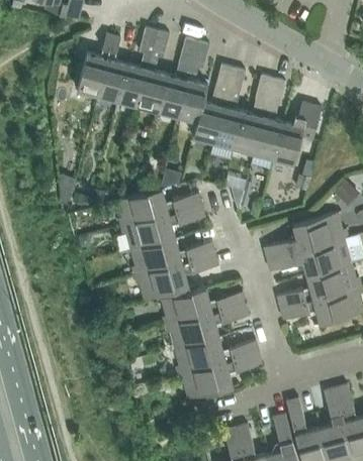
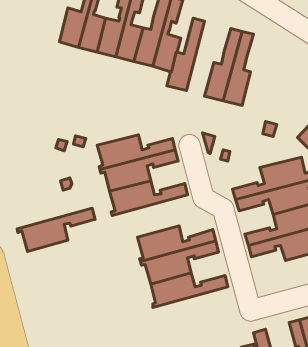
building: [213,68,245,148] -> none
building: [273,103,321,163] -> none
building: [133,254,217,301] -> [17,208,95,251]
building: [177,353,262,399] -> none

